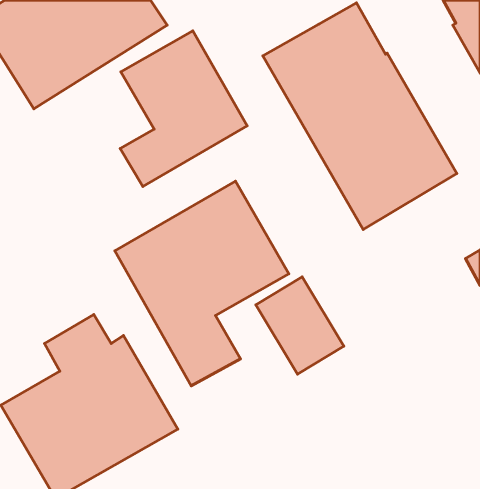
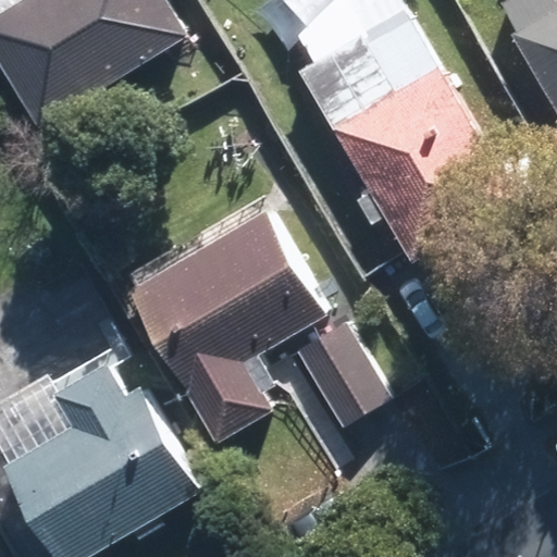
building: [120,31,247,186] -> none

